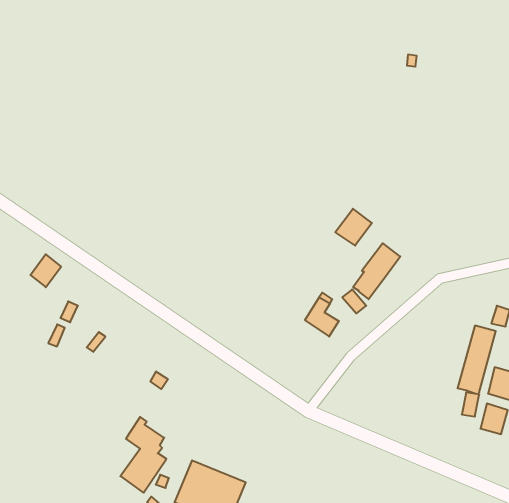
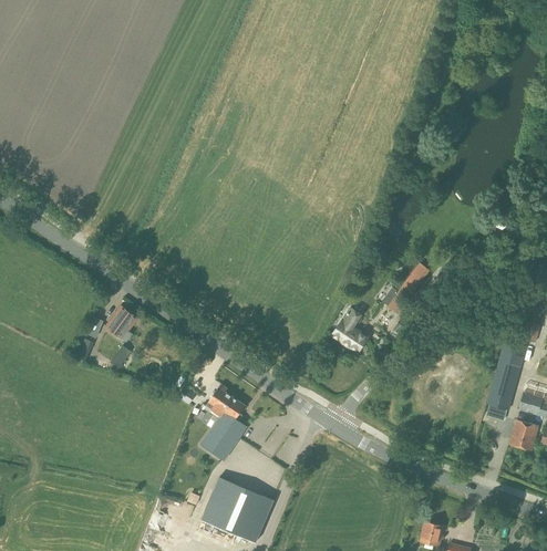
building: [335,209,372,246] -> none
building: [30,254,61,287] -> [106,305,137,339]
building: [120,417,166,493] -> [200,384,247,460]

